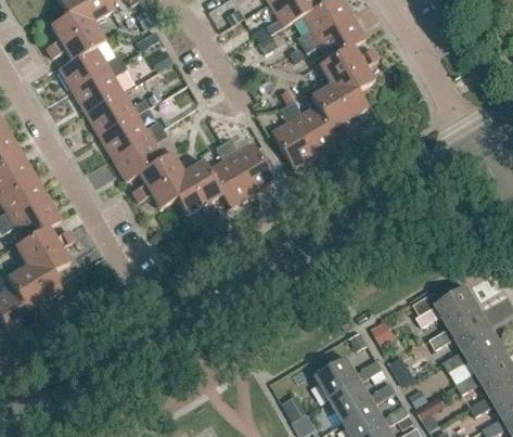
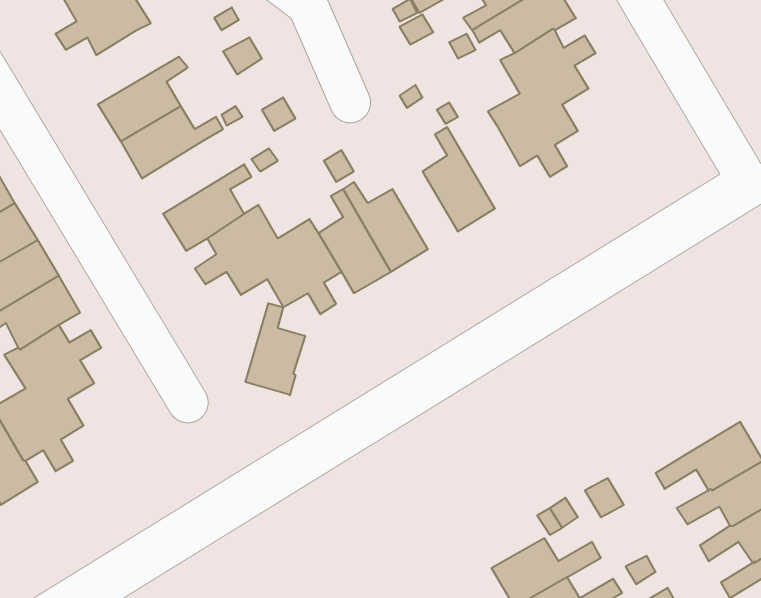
building: [57,44,121,90] -> none
building: [286,100,338,154] -> none
building: [99,113,162,157] -> none
building: none -> [246,303,305,395]

